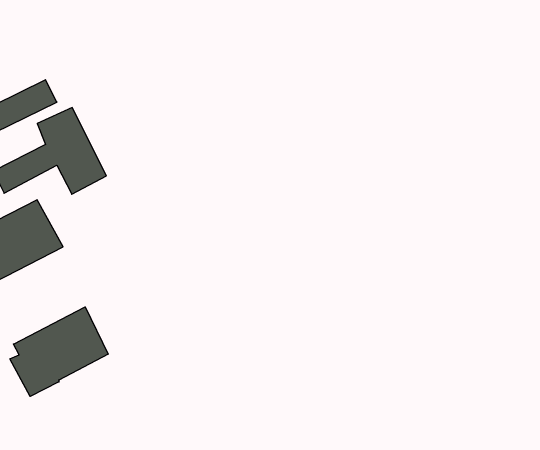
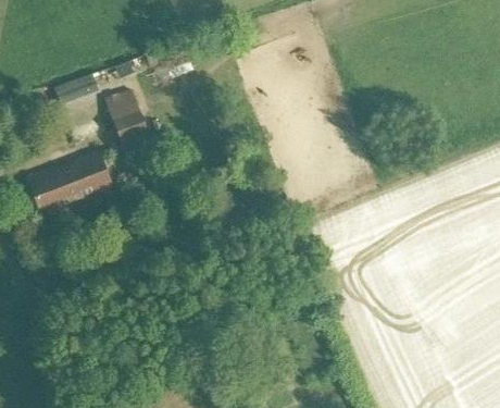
building: [10,307,108,396] -> none

